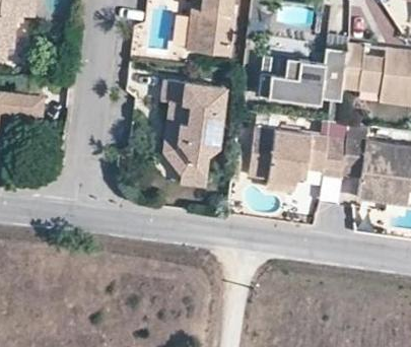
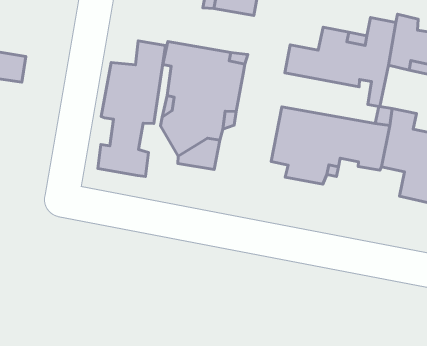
building: none -> [98,41,166,177]

